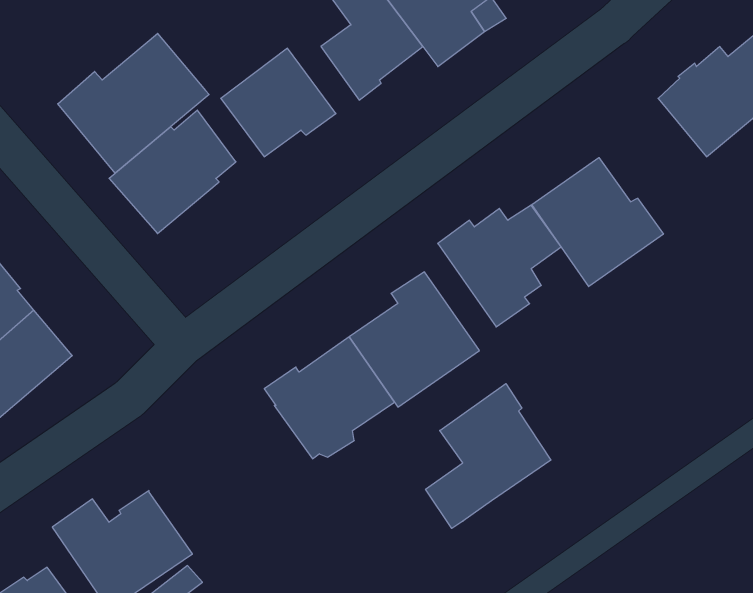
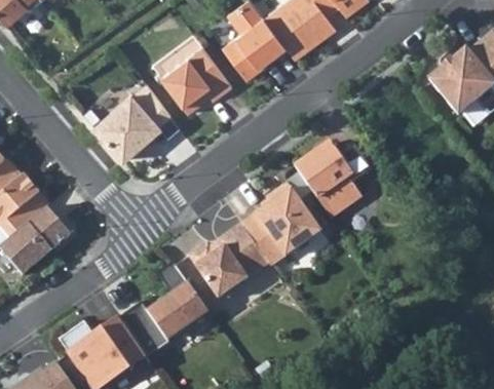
building: [58,33,209,173] -> none
building: [532,158,663,287] -> none
building: [426,384,551,528] -> none
building: none -> [117,263,207,360]

